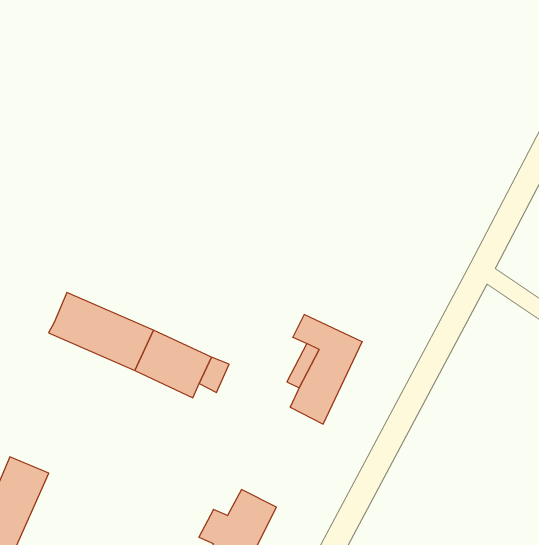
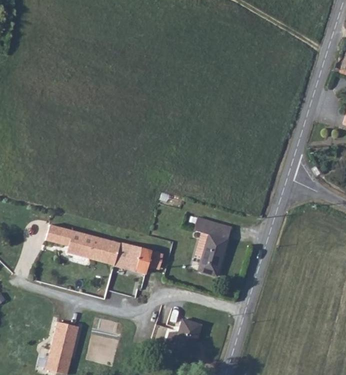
building: none -> [45,223,72,246]

